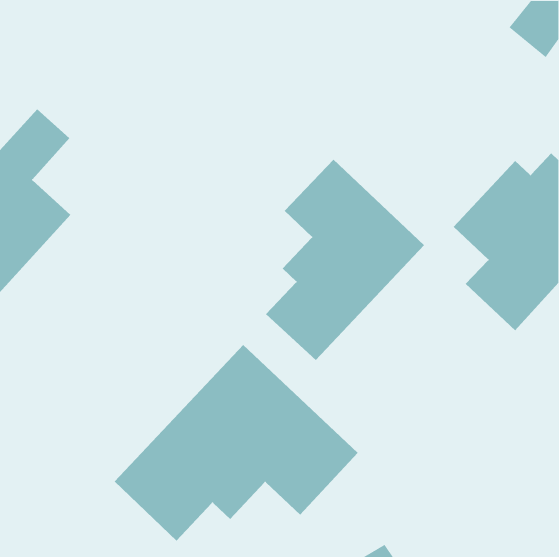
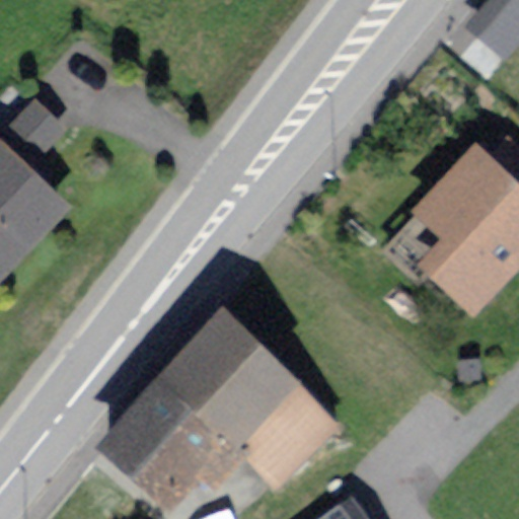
building: [265,159,425,361] -> none

